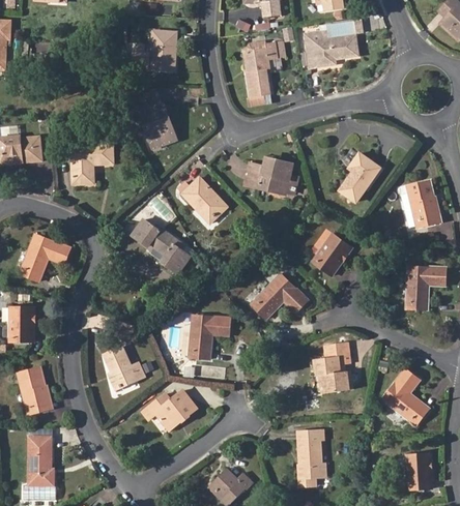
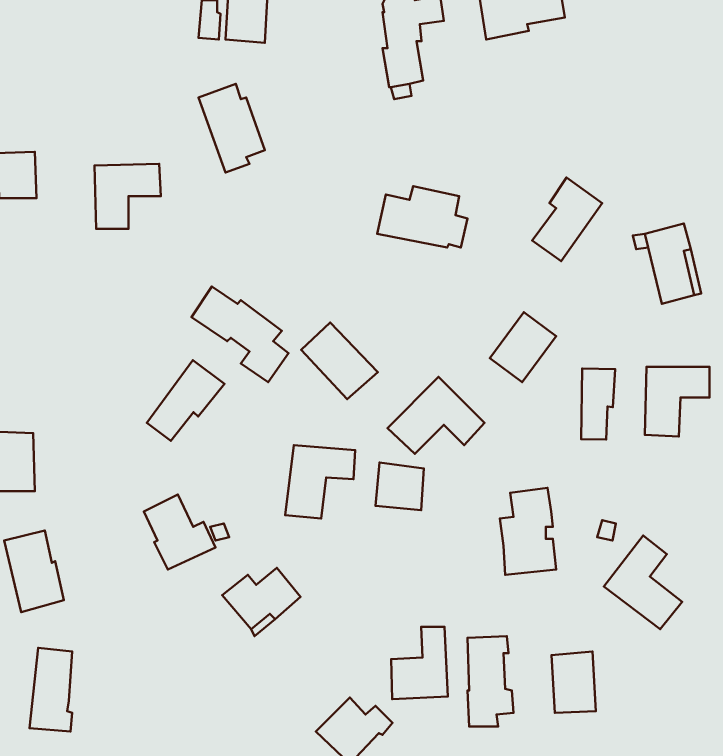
building: [181,176,228,222] -> [301,323,378,399]
building: [19,234,71,281] -> none
building: none -> [147,360,225,441]
building: none -> [581,368,615,440]
building: none -> [375,462,424,510]
building: none -> [391,627,448,699]
building: [405,452,432,489] -> [551,652,596,713]

